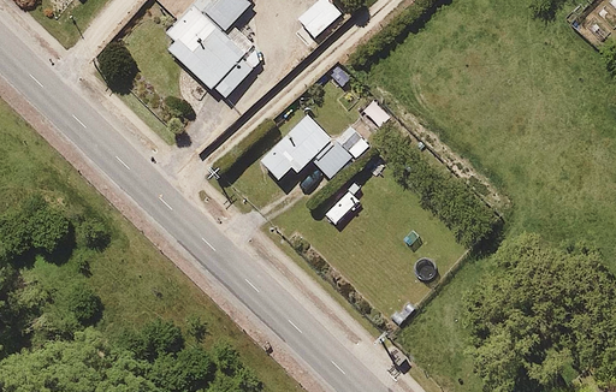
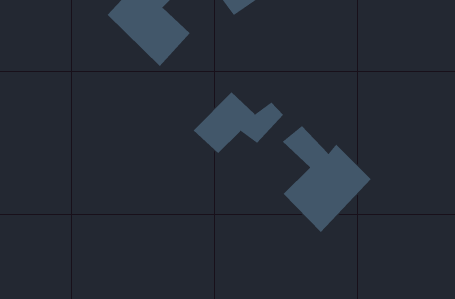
building: none -> [282,125,371,233]

